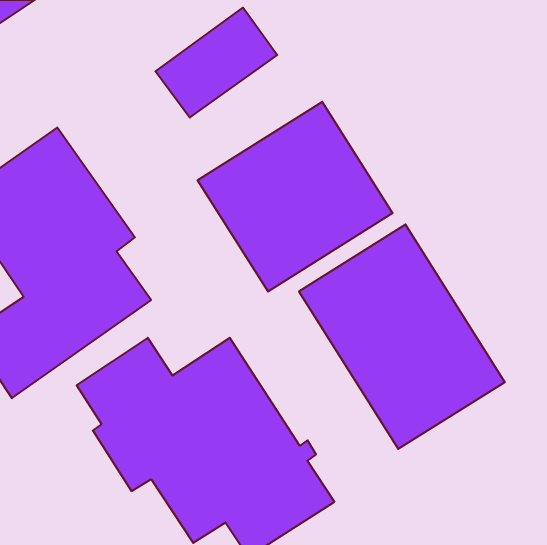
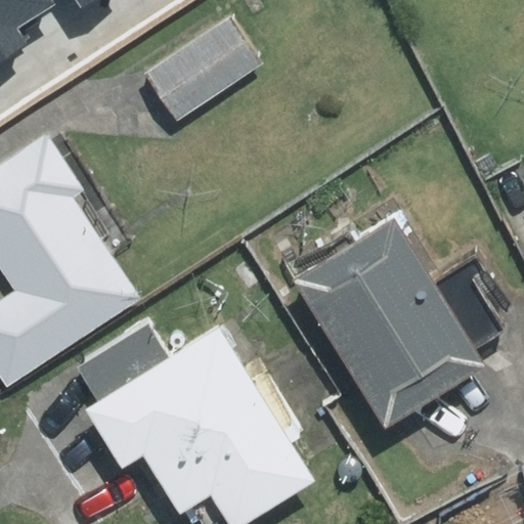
building: [198,102,393,292] -> none

